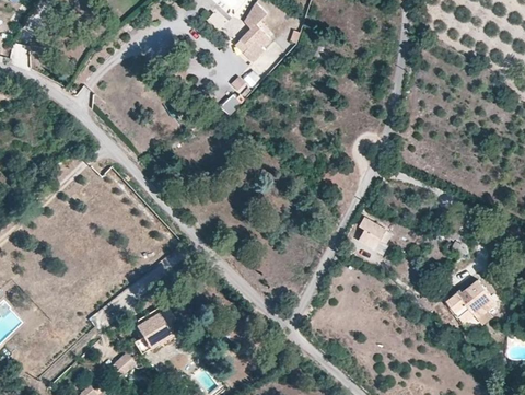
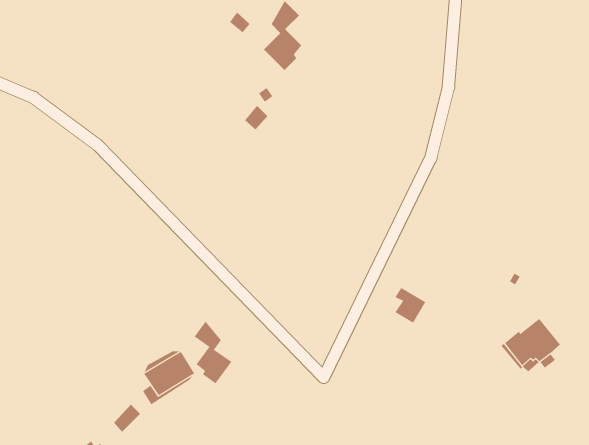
building: [358,216,385,247] -> [395,287,426,324]
building: none -> [194,321,232,384]

